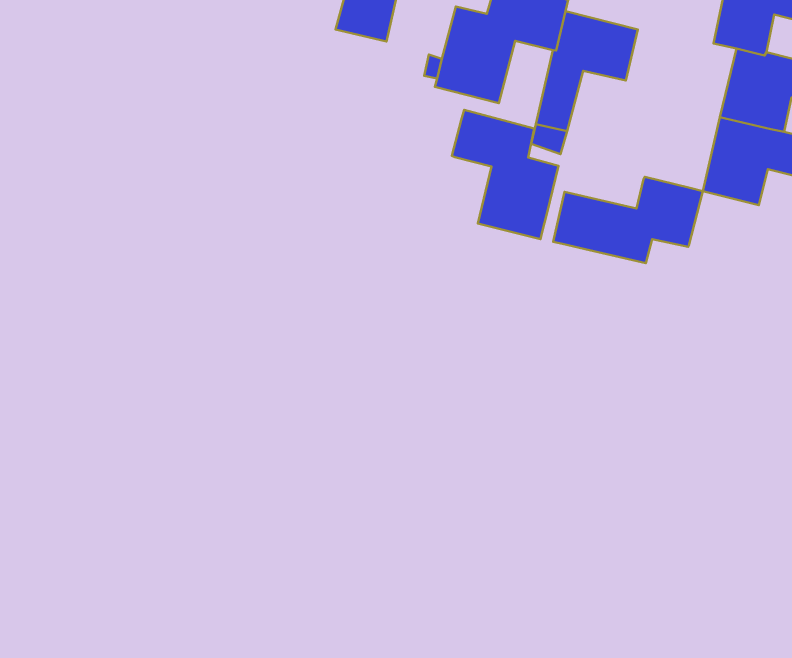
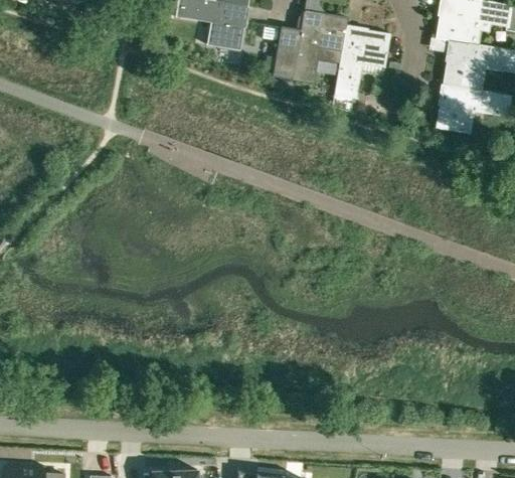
building: [452,110,558,239] -> none
building: [553,177,703,263] -> none

